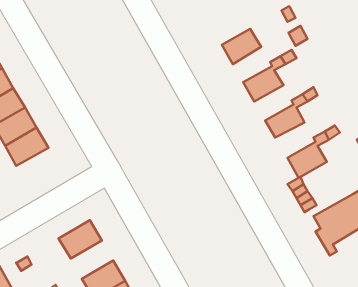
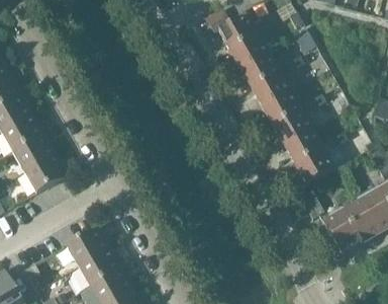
building: none -> [210,14,258,51]
building: none -> [240,53,280,88]
building: none -> [262,91,301,127]
building: none -> [283,129,323,164]
building: none -> [23,154,67,193]
building: none -> [78,247,120,286]

